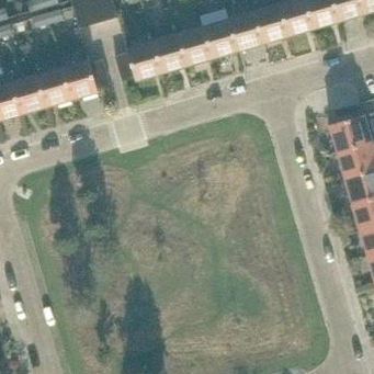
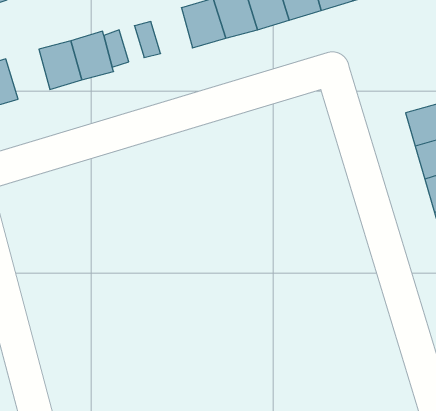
building: [126,41,160,80] -> none
building: [12,73,47,113] -> none

